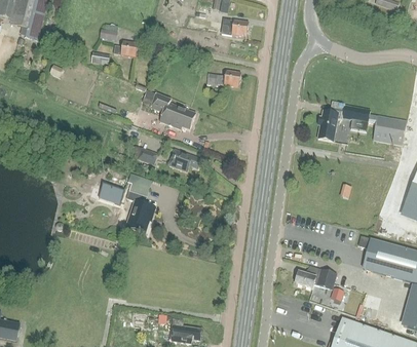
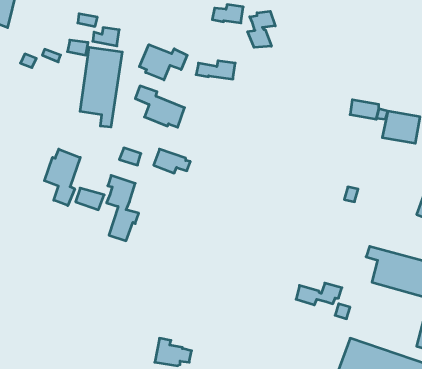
building: none -> [248,11,275,47]
building: none -> [139,45,187,80]
building: none -> [80,47,122,127]
building: [317,101,345,141] -> none
building: none -> [44,149,80,206]

